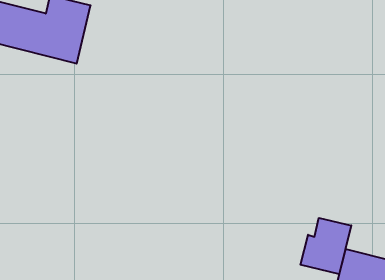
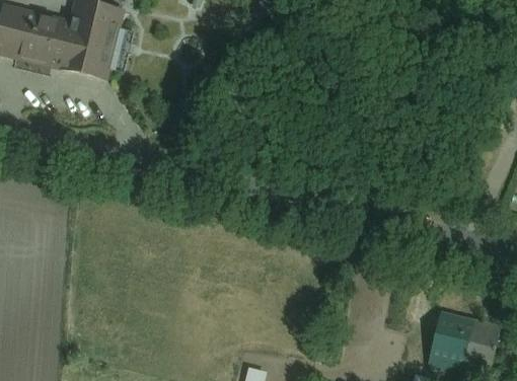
building: [300,218,351,274] -> none

